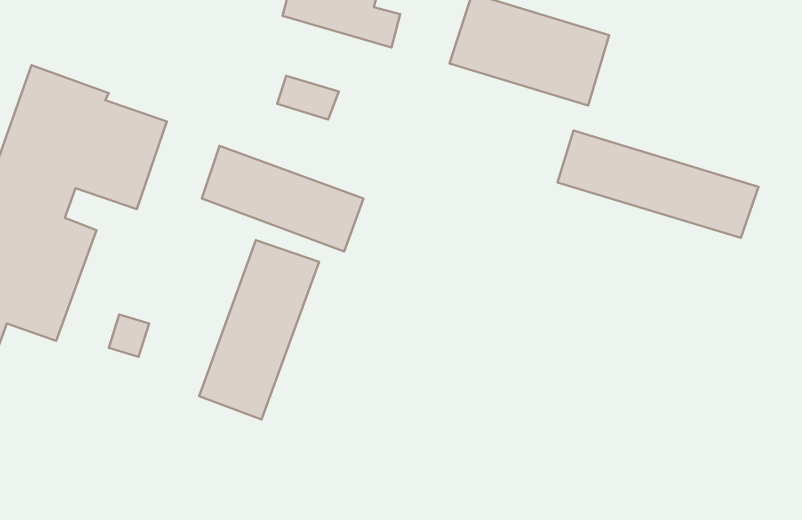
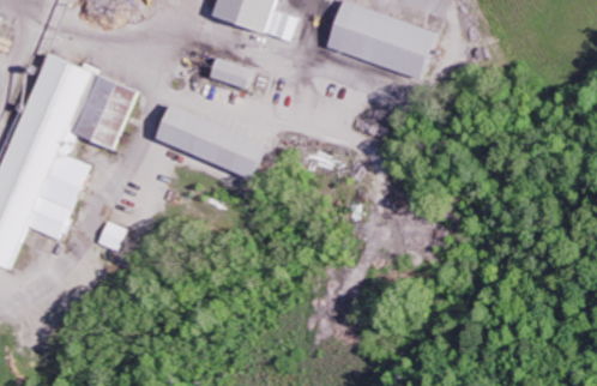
building: [558,131,758,238] -> none
building: [199,240,319,420] -> none

